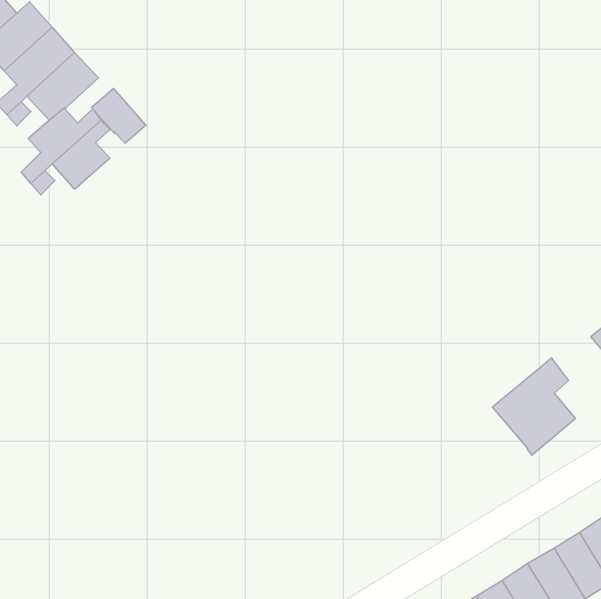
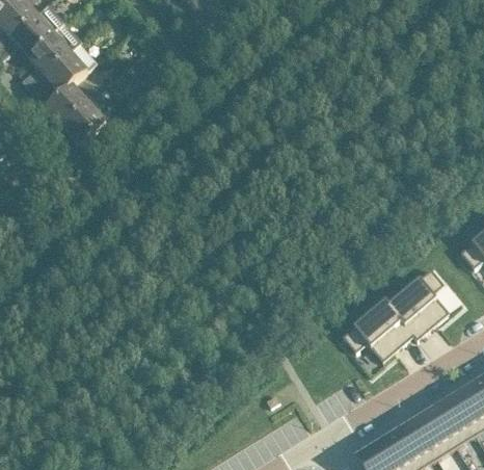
building: [91,89,146,143] -> none
building: none -> [343,298,414,361]

